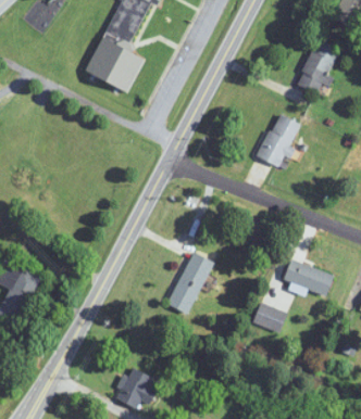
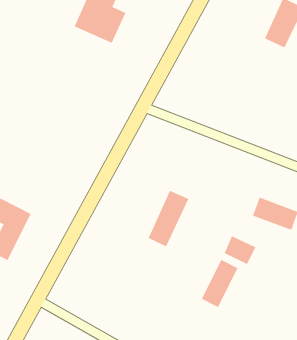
building: [257,114,300,166] -> none
building: none -> [201,259,238,308]
building: [114,366,158,412] -> none

